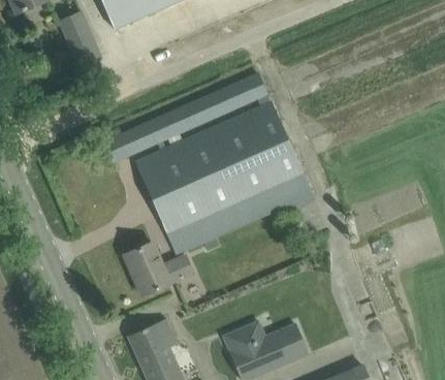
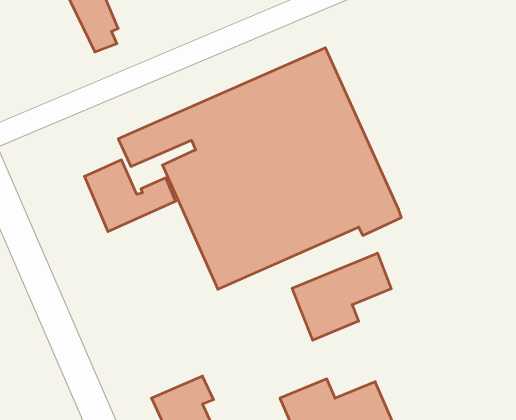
building: none -> [292,253,391,340]
building: [124,242,192,295] -> [84,160,176,232]

